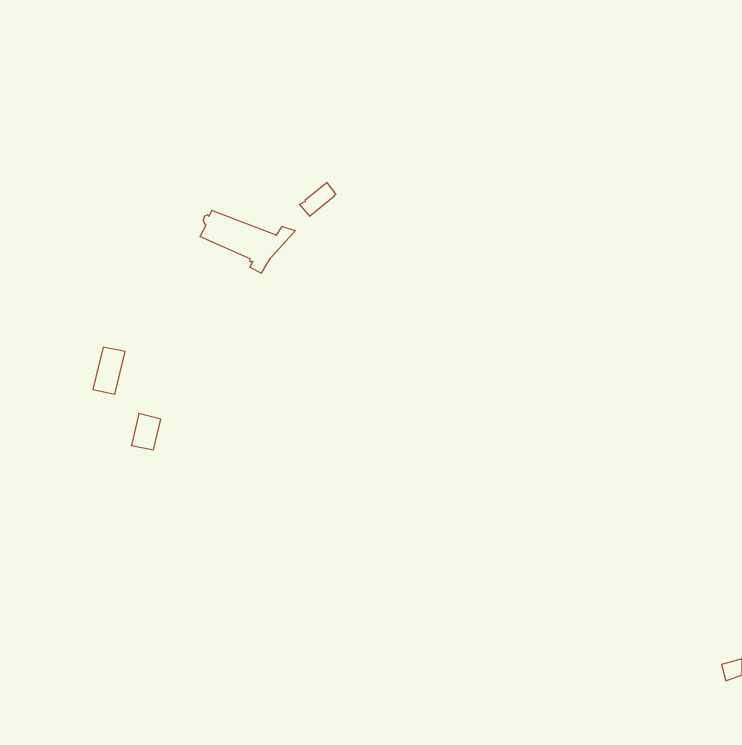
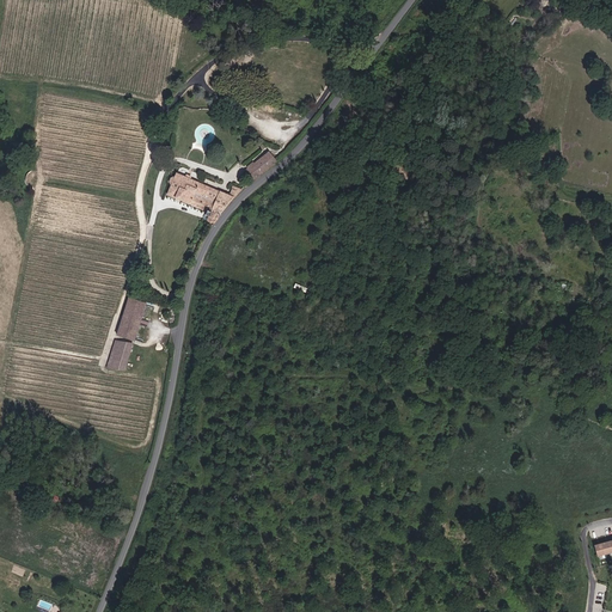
building: [93,347,125,394] -> [118,299,145,337]

